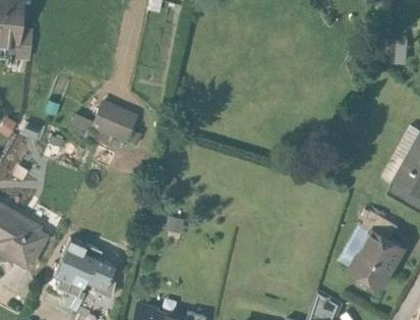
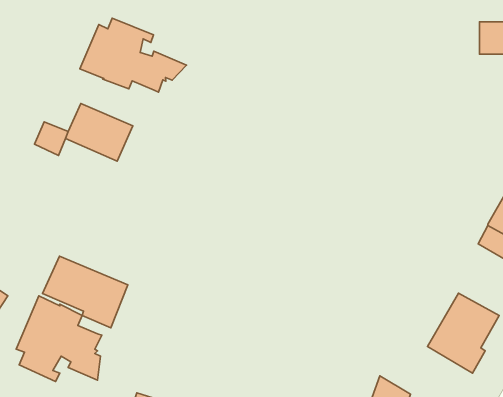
building: none -> [80,18,187,92]
building: none -> [43,256,128,328]

